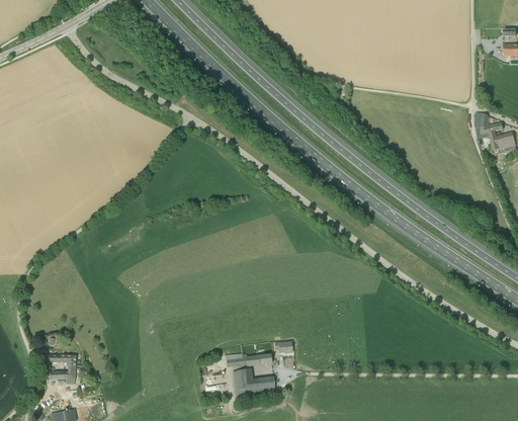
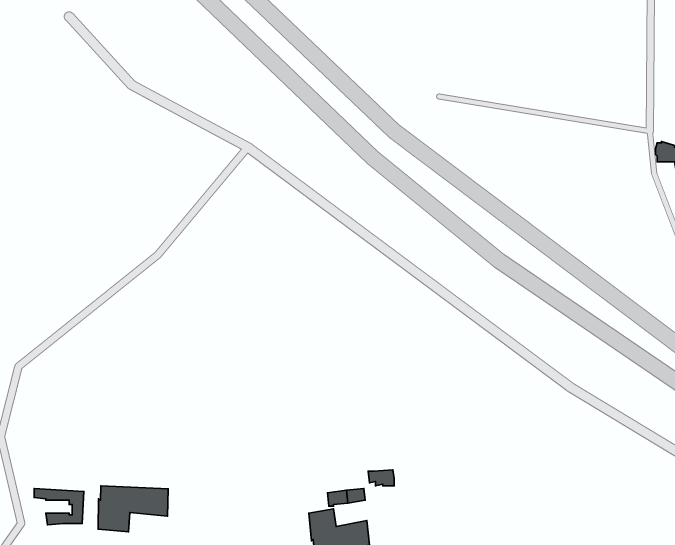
building: none -> [98,486,168,532]

